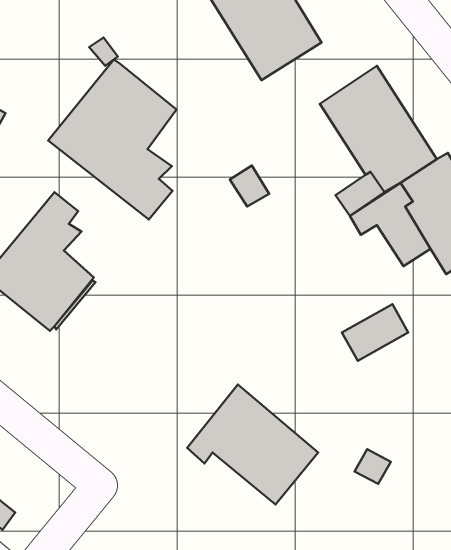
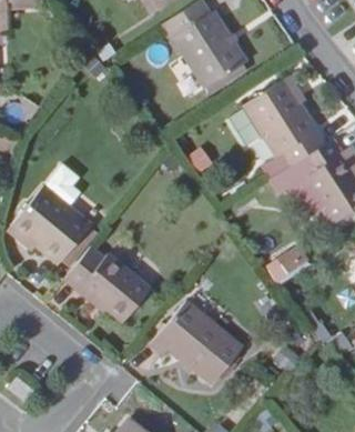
building: [48,60,177,220] -> none
building: none -> [62,245,151,322]

